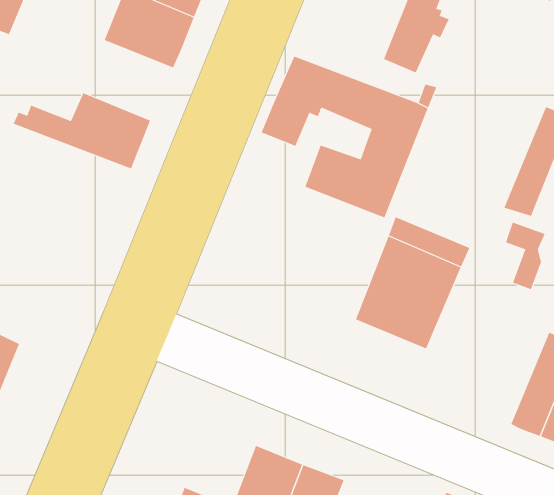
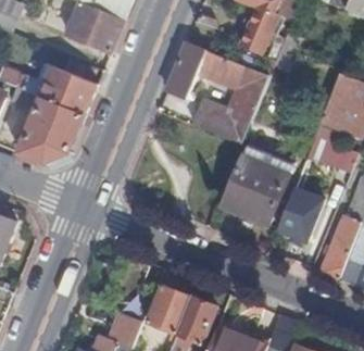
building: none -> [8,85,84,163]
building: none -> [277,188,322,241]

